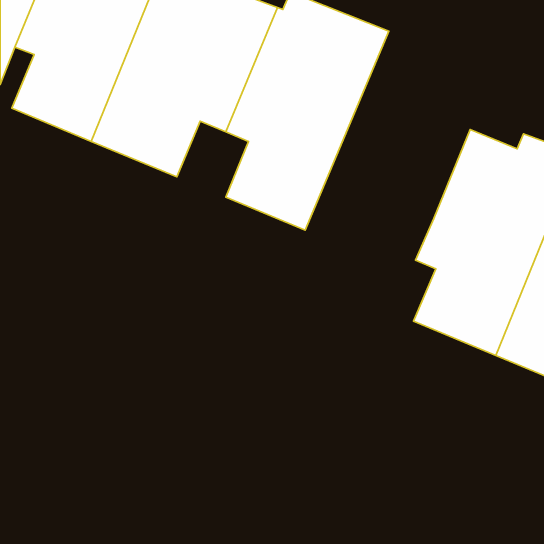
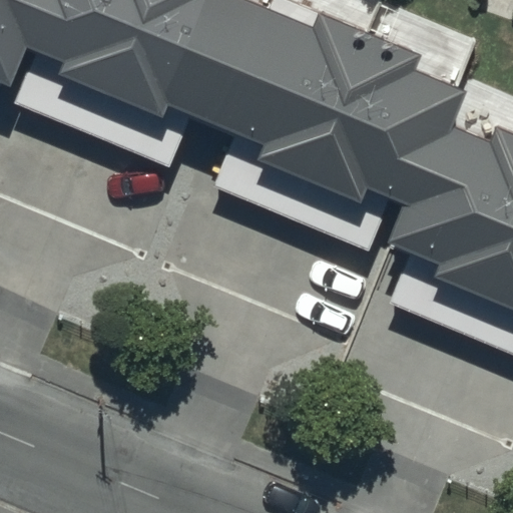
building: none -> [289,29,458,248]

